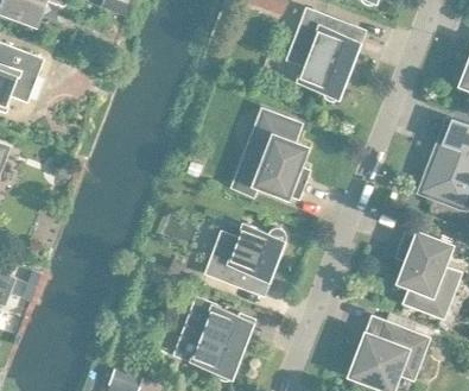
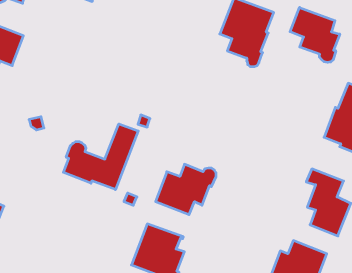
building: none -> [290,7,340,62]
building: [234,112,304,197] -> none
building: none -> [63,124,138,190]

